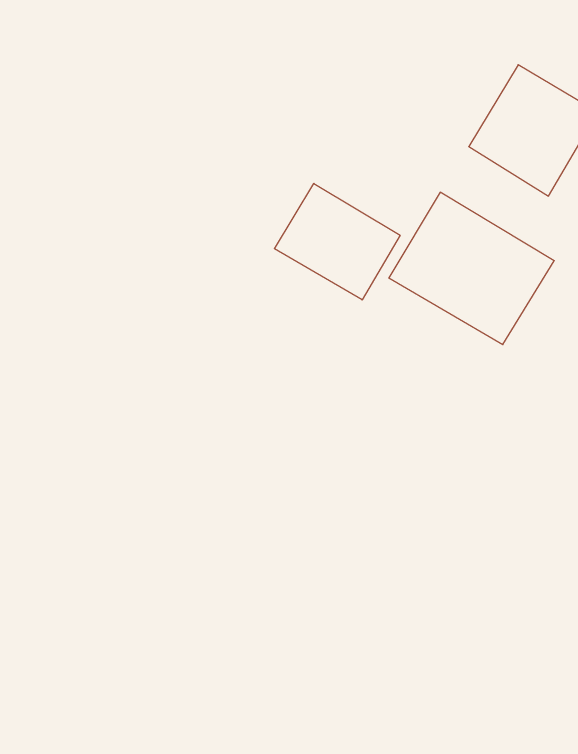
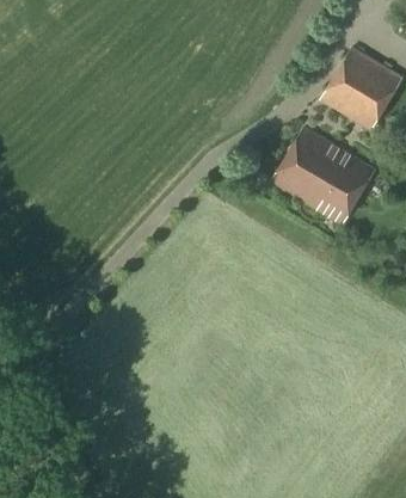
building: [274,183,400,300] -> none

